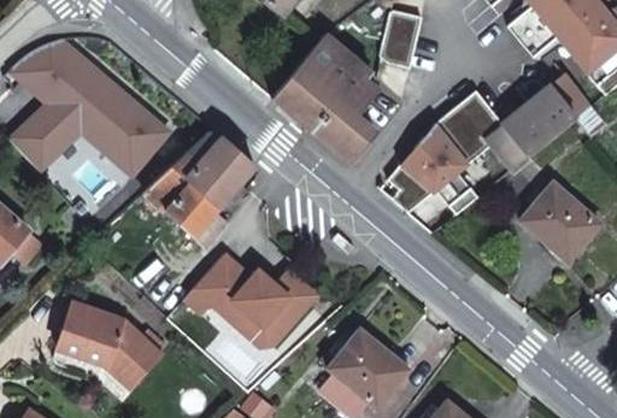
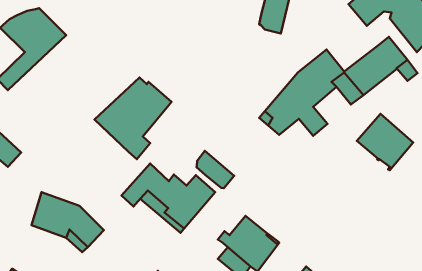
building: [271,35,378,165] -> none
building: [20,72,163,171] -> none
building: none -> [196,151,234,188]

